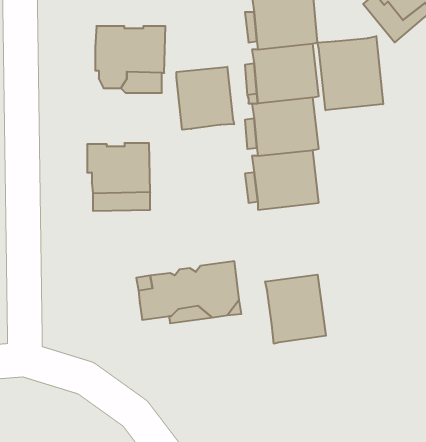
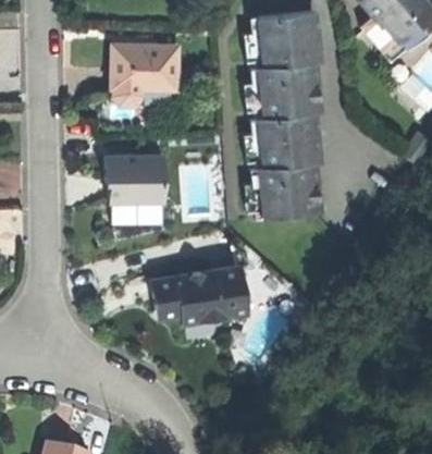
building: [317,36,383,110] -> none
building: [177,67,234,130] -> none
building: [265,275,326,344] -> none

